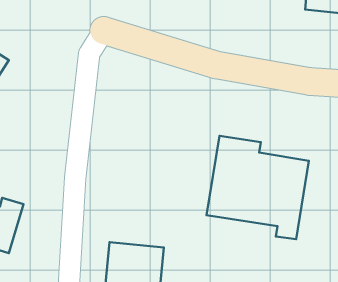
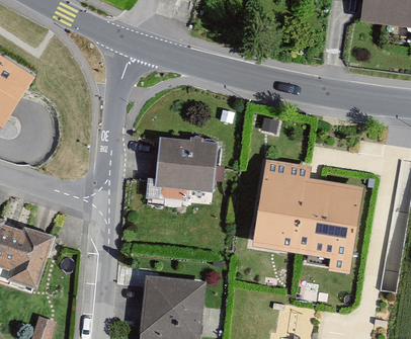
building: none -> [154,137,218,192]

